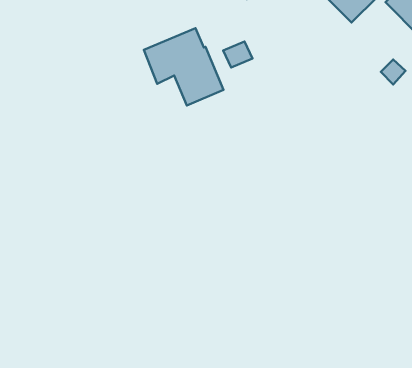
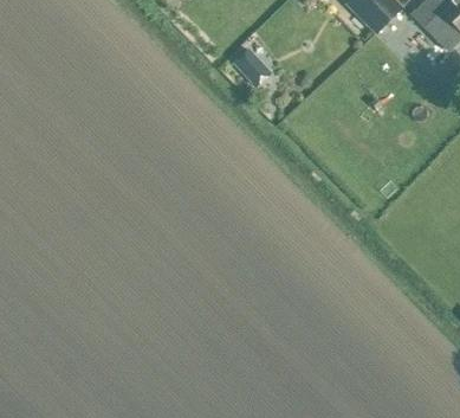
building: [144,28,224,105] -> none

